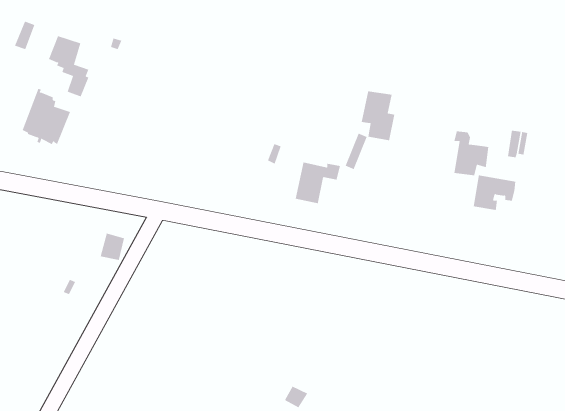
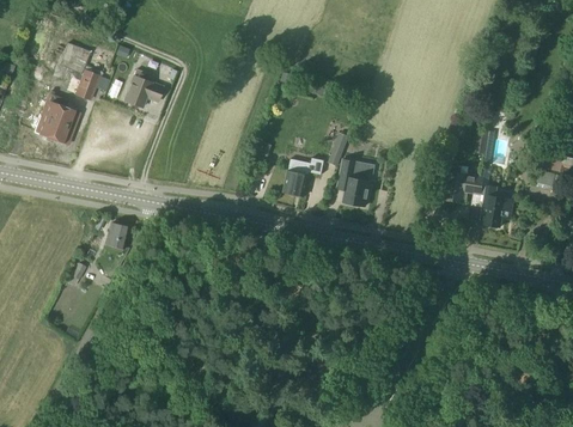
building: none -> [124,69,164,108]
building: [361,91,395,141] -> [339,159,370,205]
building: [454,131,489,176] -> [481,184,513,225]

